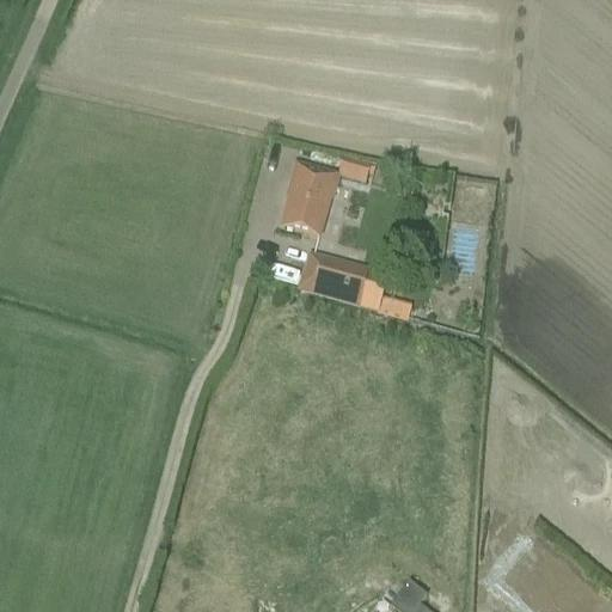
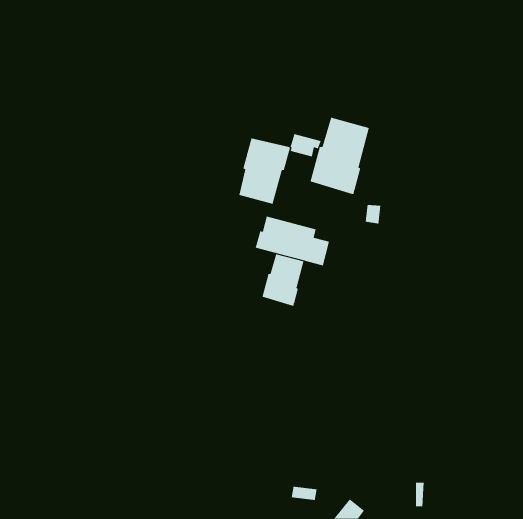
building: none -> [310,117,370,195]
building: none -> [262,253,304,307]

